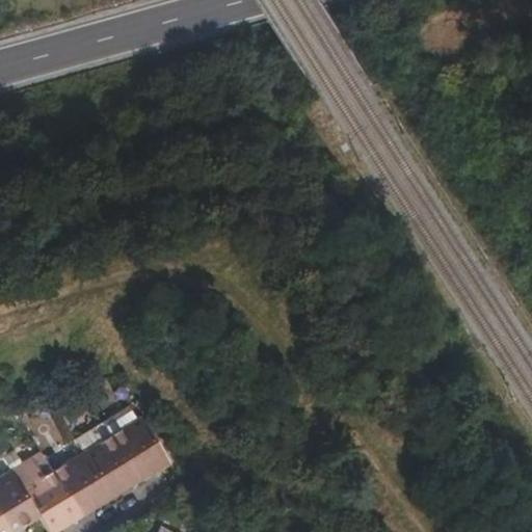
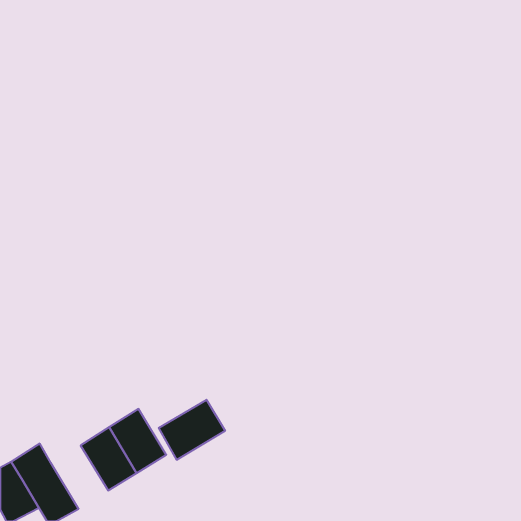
building: none -> [159,400,225,460]
building: [52,454,110,518] -> none

